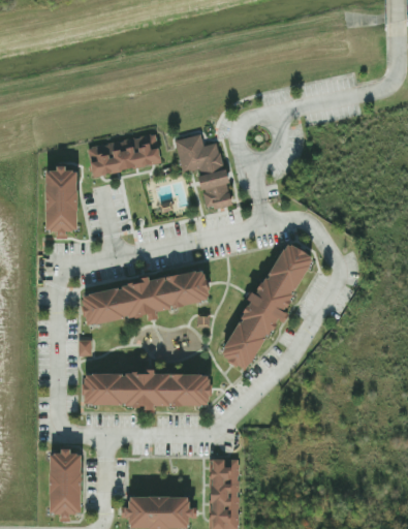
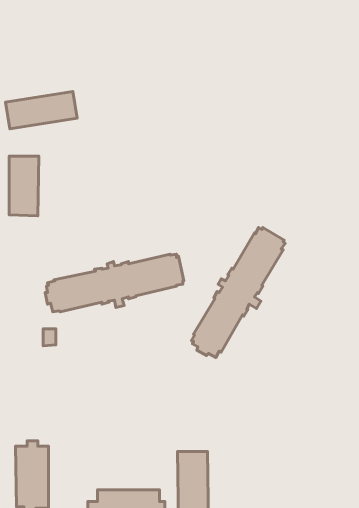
building: [175,137,229,210] -> none
building: [88,139,157,176] -> [6,92,77,129]
building: [81,369,216,412] -> none

